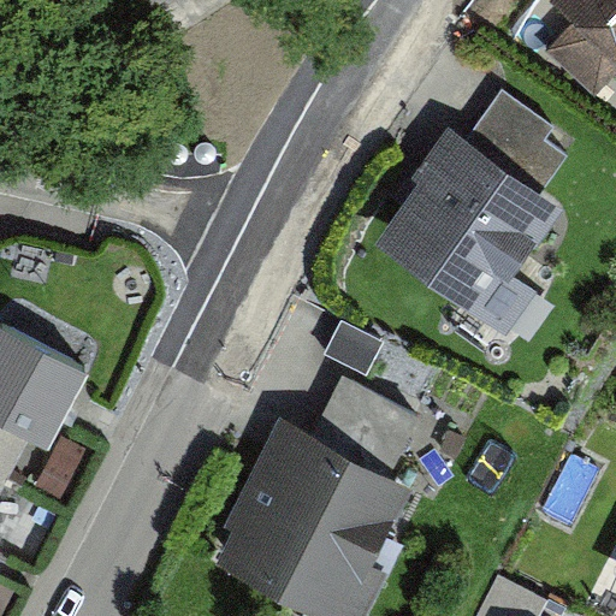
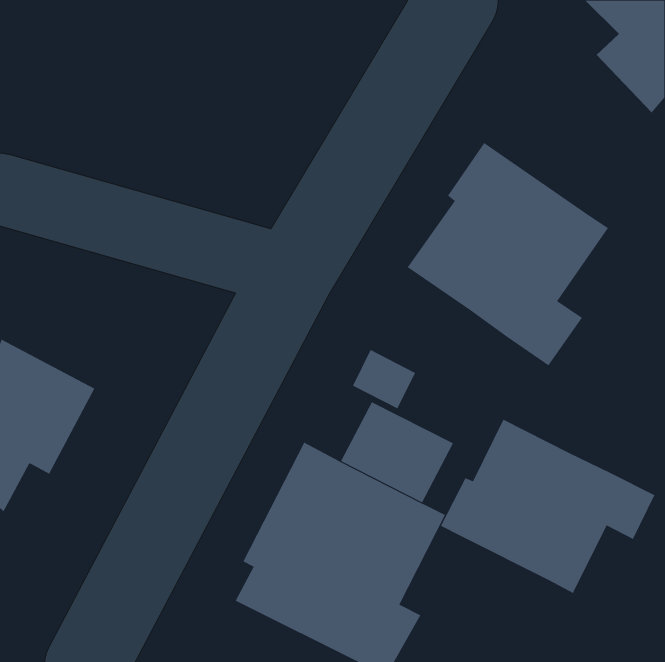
building: [466,95,568,200] -> none
building: none -> [440,419,655,594]

